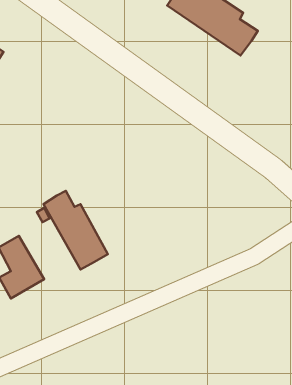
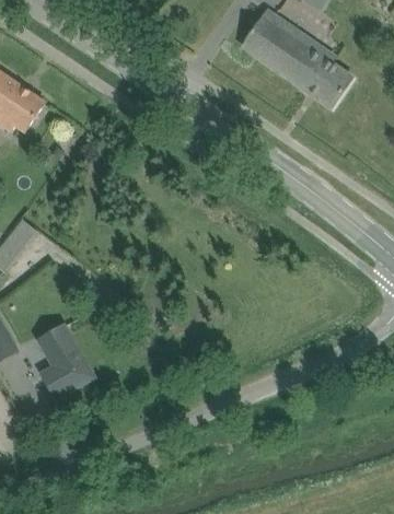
building: [43,191,108,269] -> none

